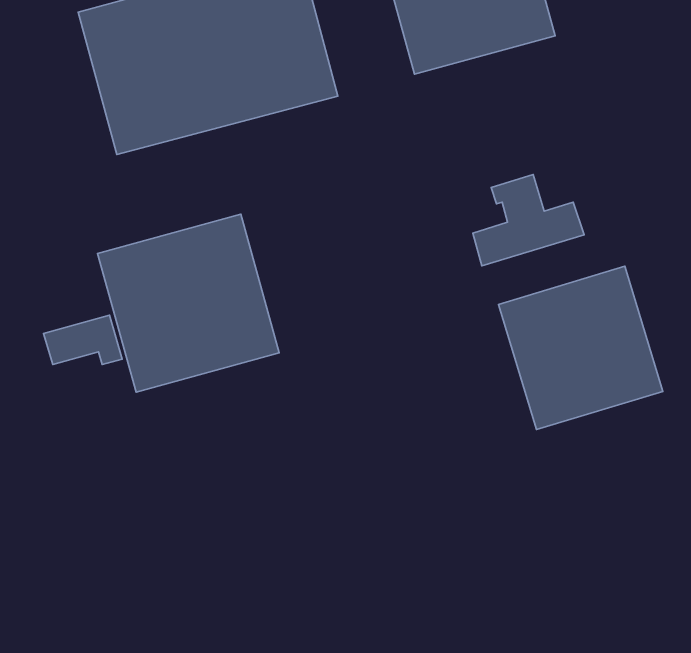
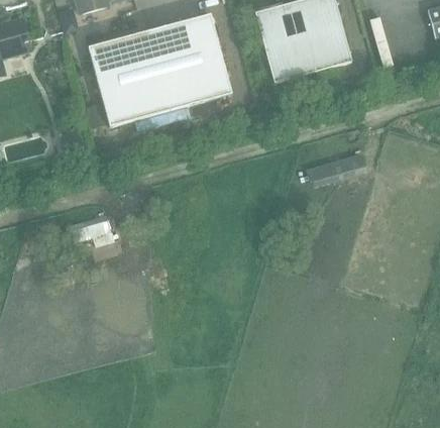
building: [98,214,279,392] -> none
building: [498,266,663,430] -> none

